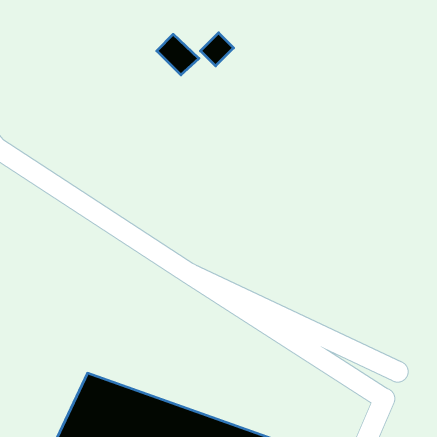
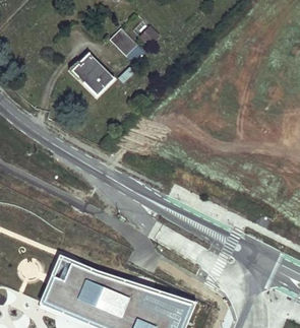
building: none -> [72,54,113,94]

